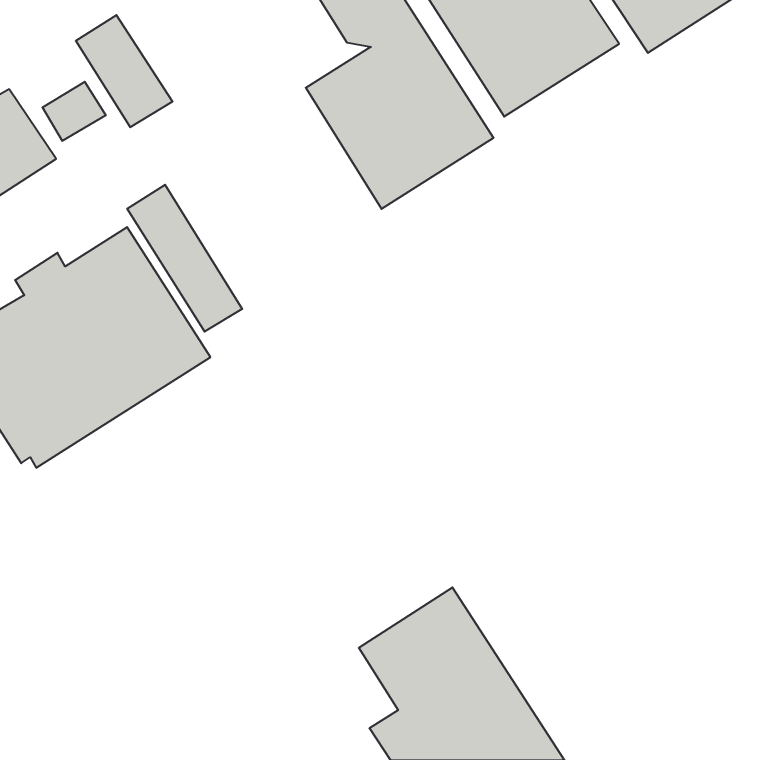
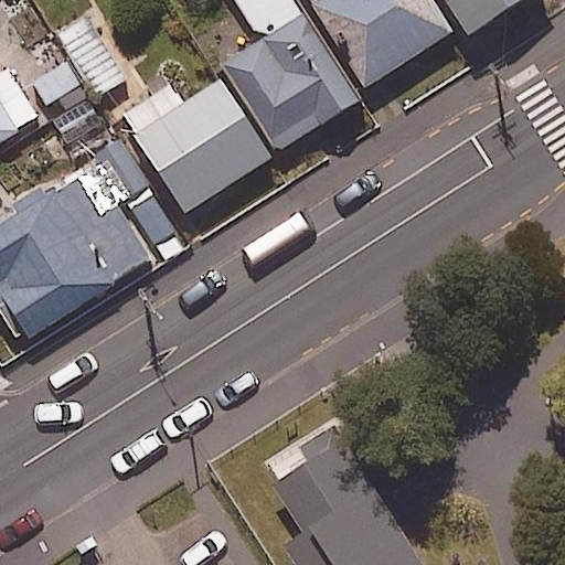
building: none -> [121,68,273,215]

